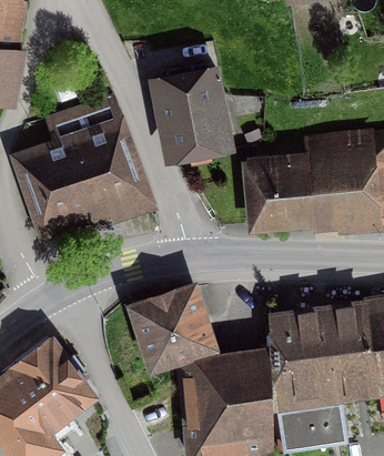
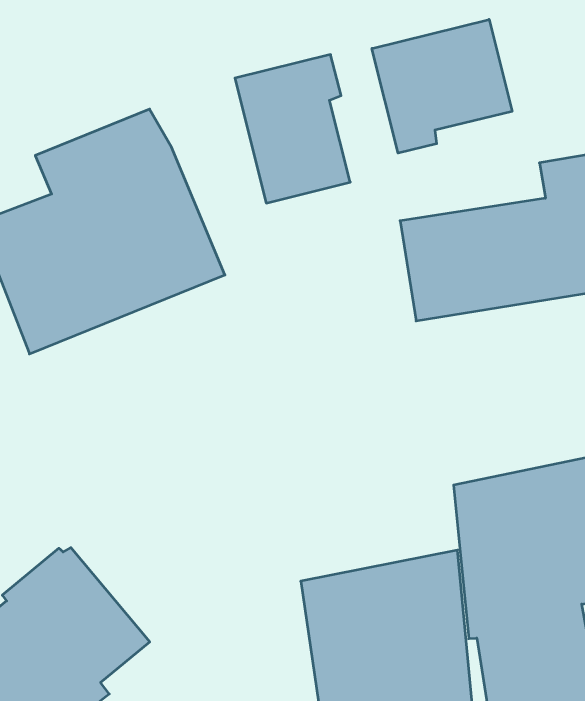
building: none -> [372,19,512,153]
building: [133,286,212,366] -> none

